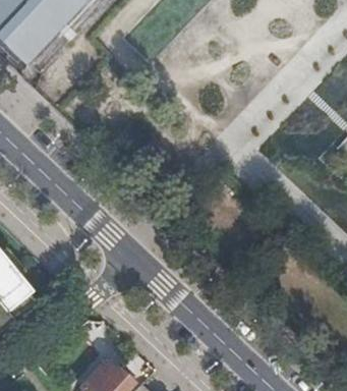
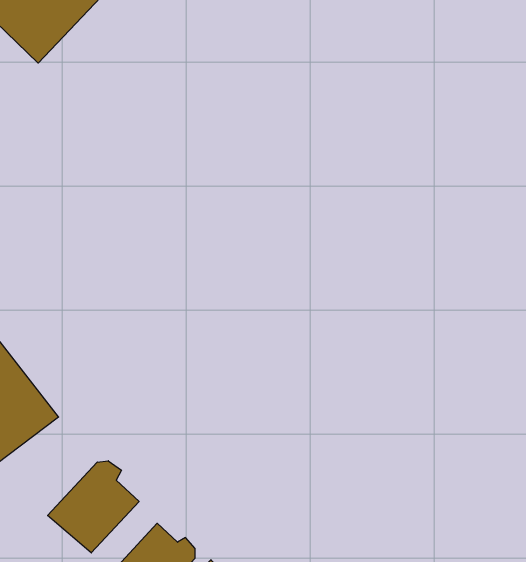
building: none -> [48,461,139,553]

